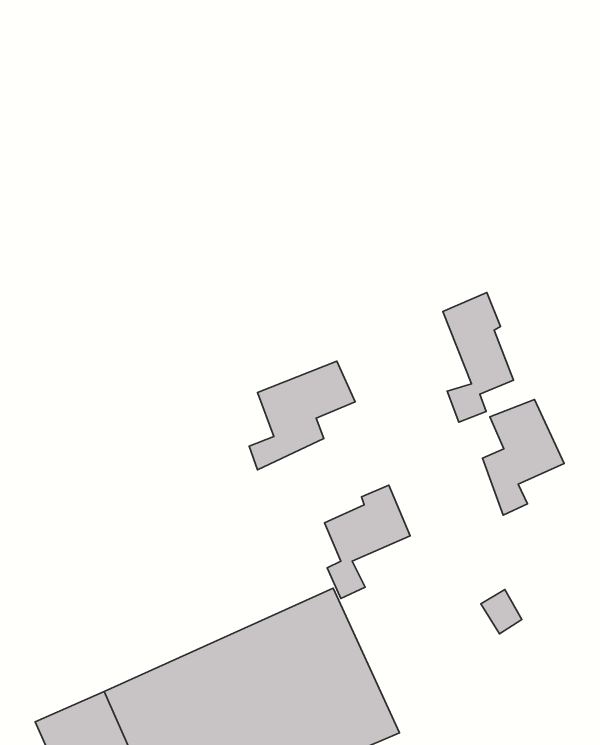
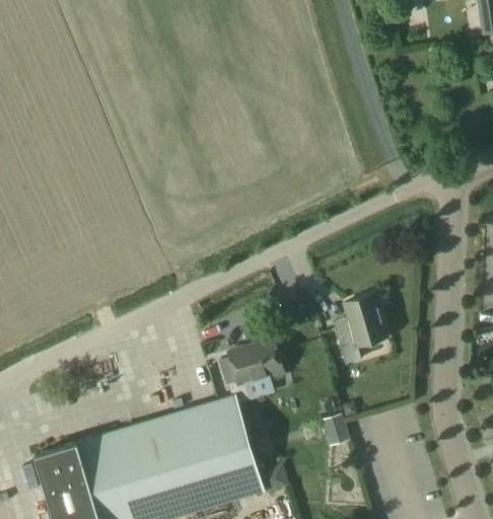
building: [443,293,513,422] -> none
building: [249,361,355,470] -> none

